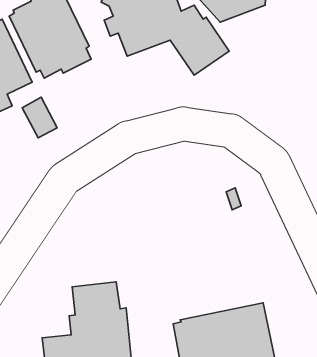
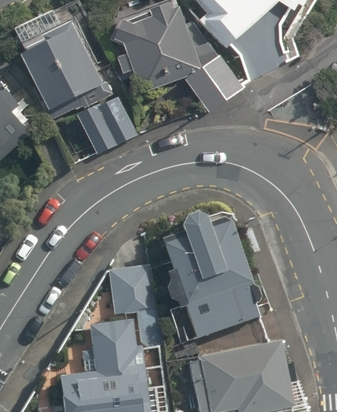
building: none -> [81,98,140,154]
building: none -> [160,211,263,339]
building: none -> [109,267,163,345]

